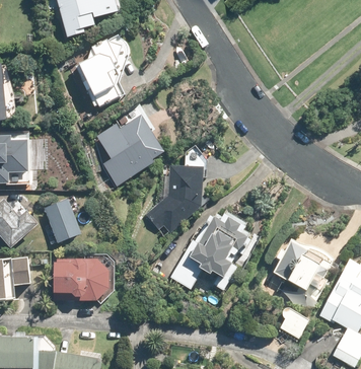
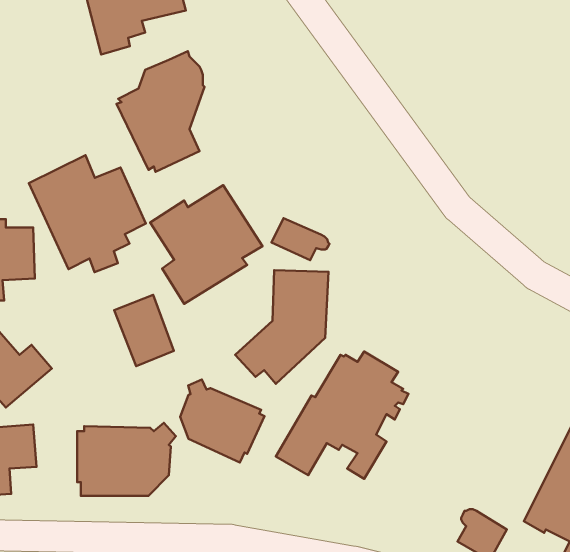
building: none -> [29,155,146,272]
building: none -> [272,218,330,260]
building: [45,200,80,242] -> [114,295,174,366]
building: none -> [180,380,264,463]
building: [272,238,339,302] -> none

